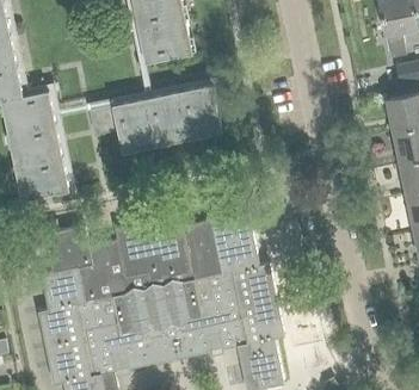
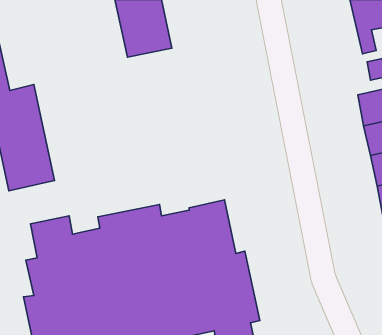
building: [87,85,221,151] -> none

